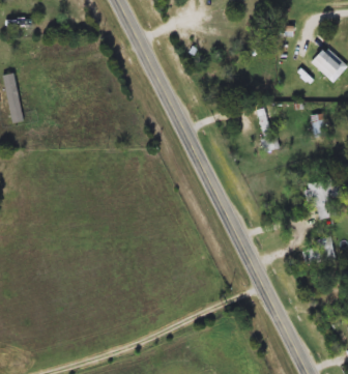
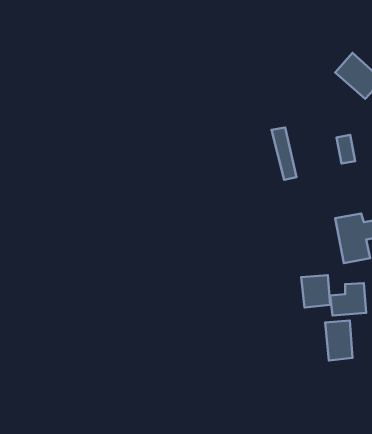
building: none -> [301,275,330,308]
building: none -> [325,321,353,360]

